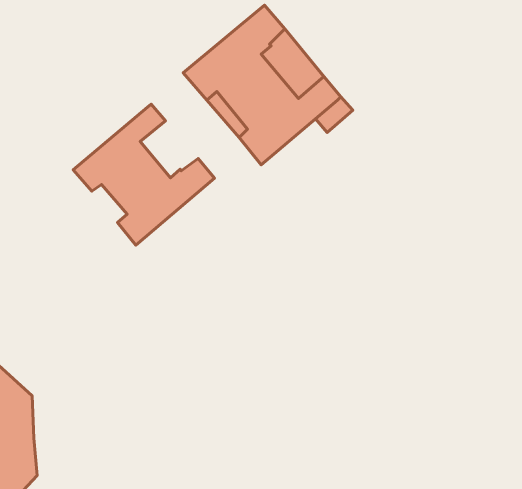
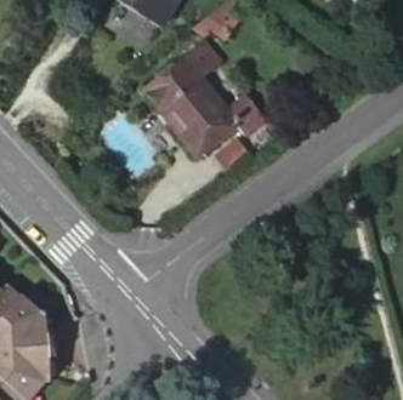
building: [73,104,215,245] -> none

